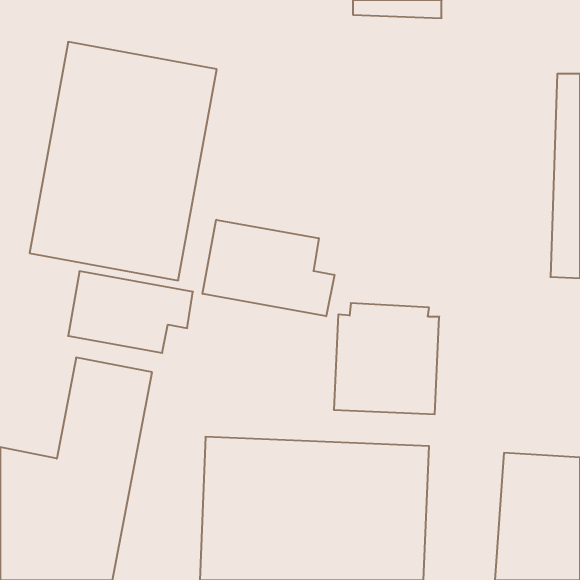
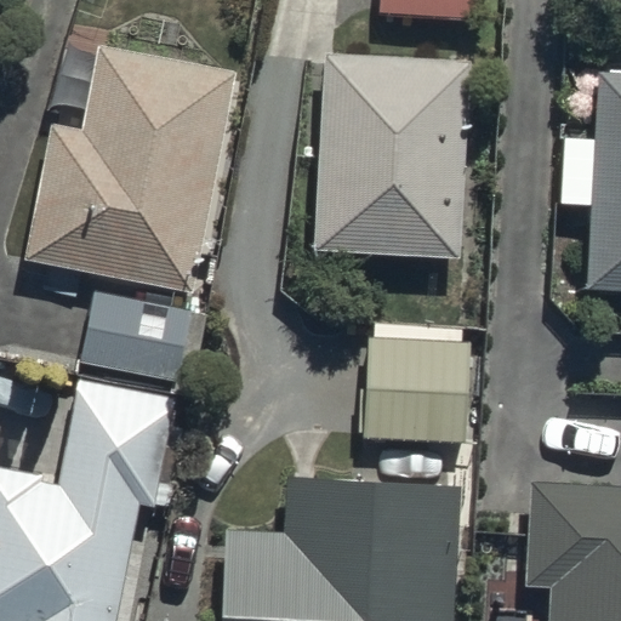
building: none -> [317,58,475,256]
building: [203,220,334,316] -> none

